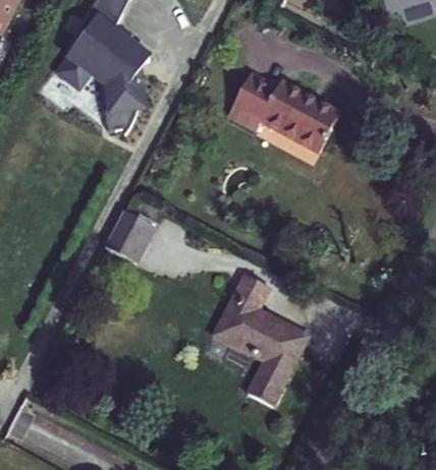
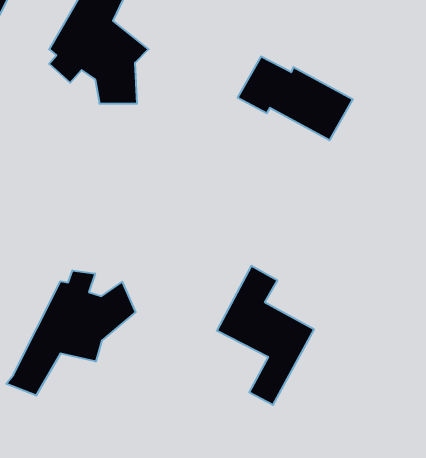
building: [107,210,158,262] -> none
building: none -> [6,270,136,396]

